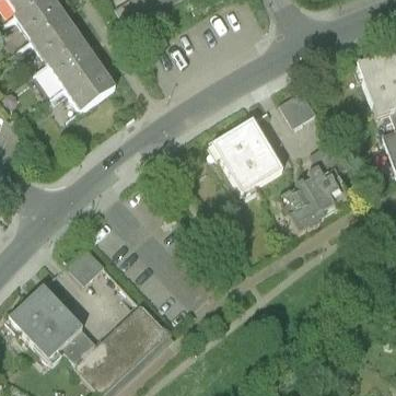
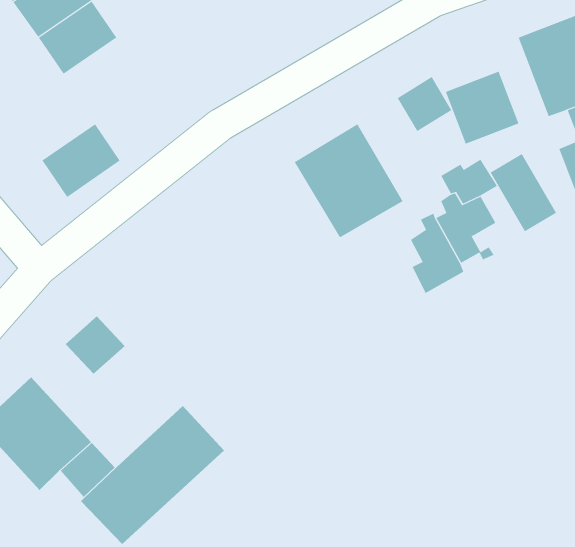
building: [62,63,114,112] -> [42,124,121,198]
building: none -> [445,71,519,145]
building: none -> [490,153,557,232]

